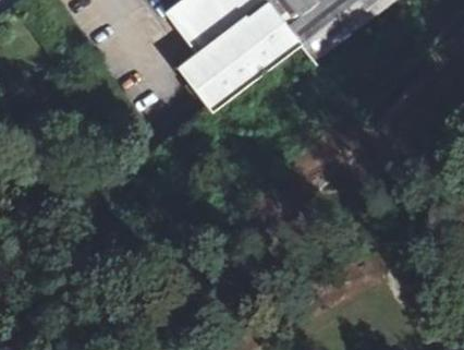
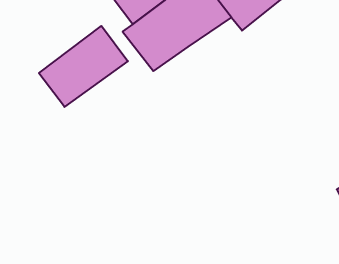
building: none -> [39,26,128,107]

